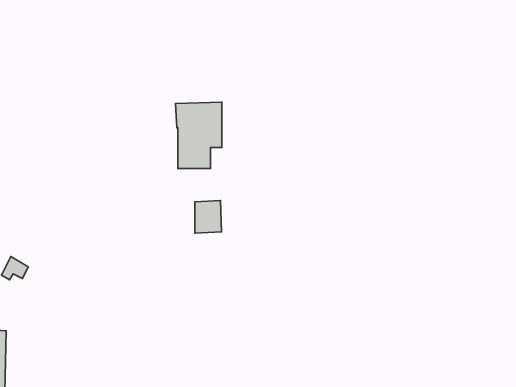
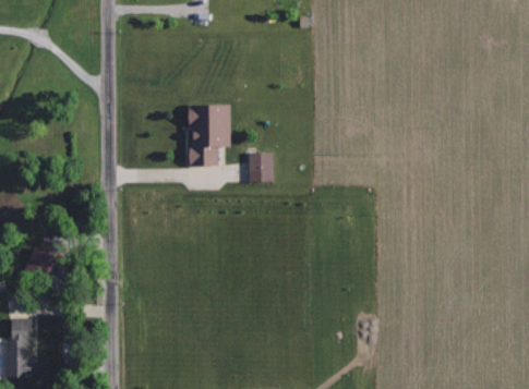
building: [195,201,222,233] -> [249,151,274,182]

